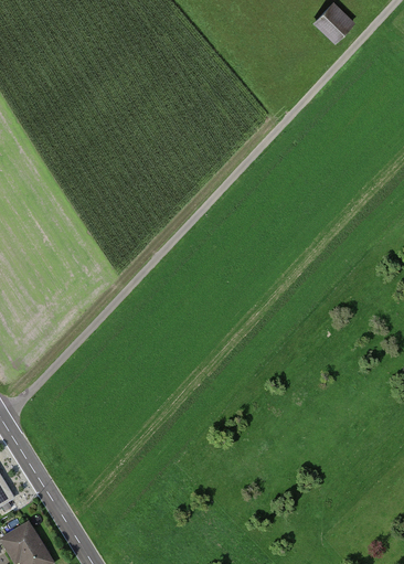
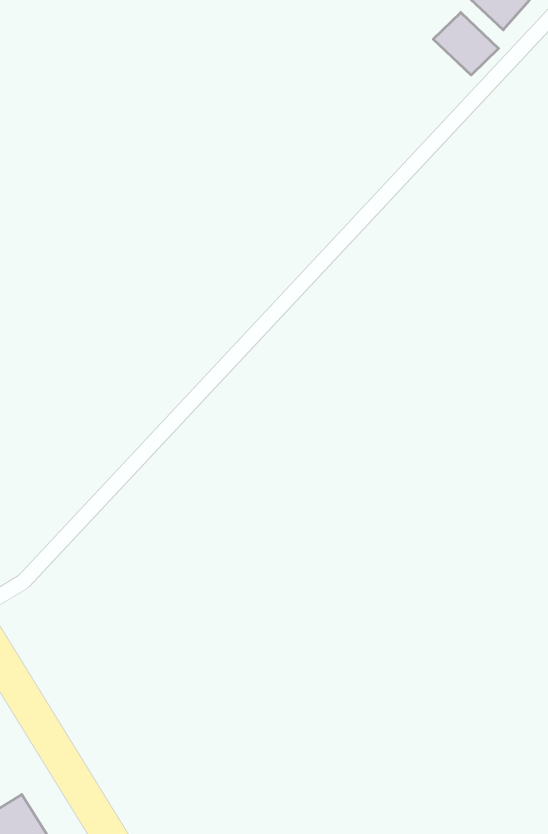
building: none -> [433,12,499,75]

